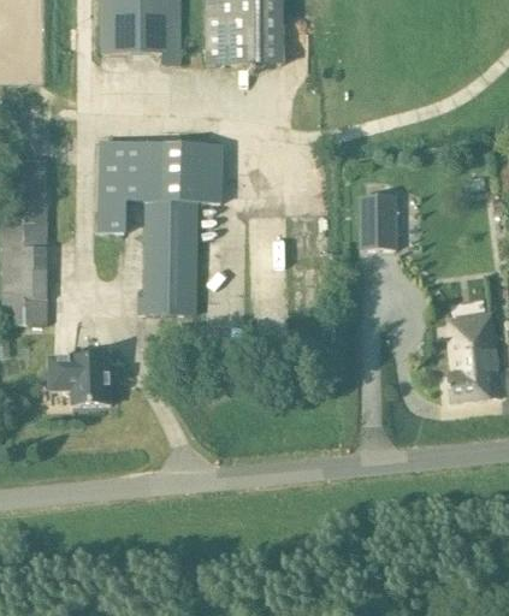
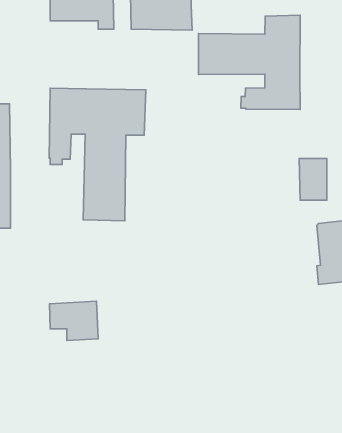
building: none -> [198,15,300,110]
building: [360,194,396,248] -> [299,159,327,200]
building: [48,355,112,407] -> [49,301,98,341]

